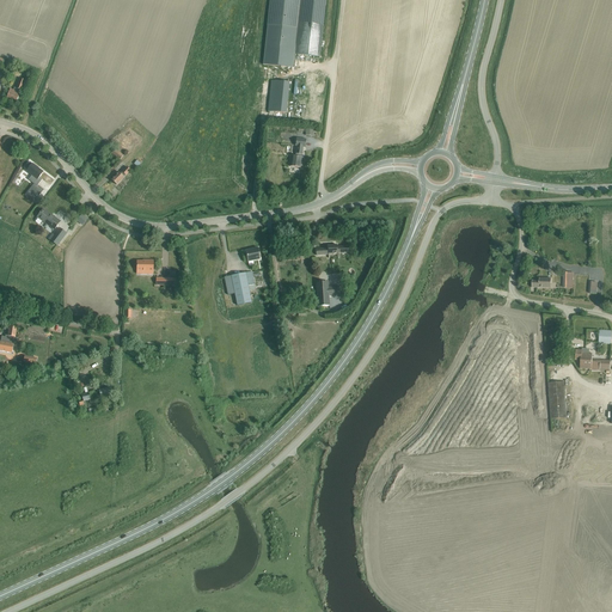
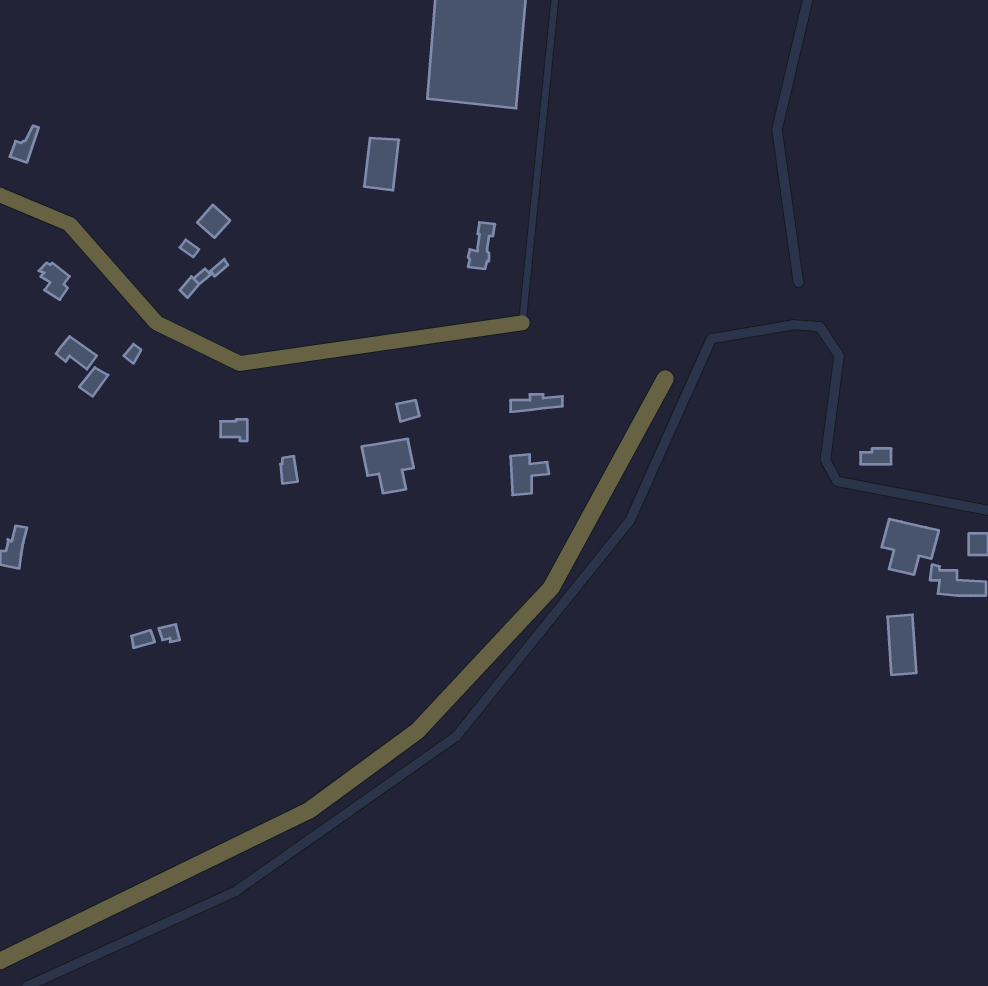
building: [268,80,289,112] -> [364,138,399,190]
building: none -> [882,519,939,575]

